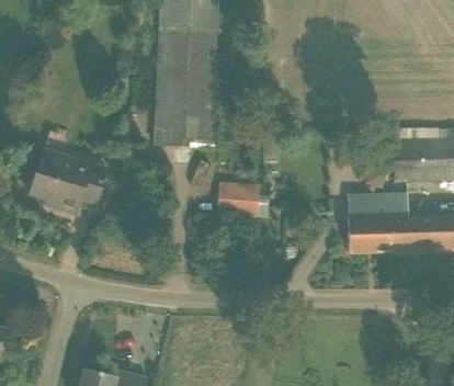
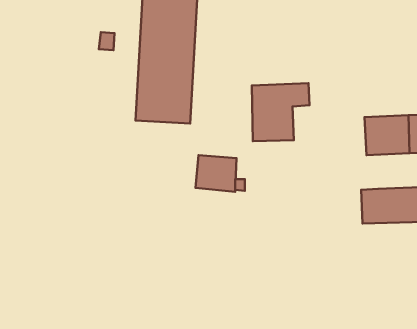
building: [30,149,105,213] -> none
building: [347,192,407,252] -> [252,83,309,141]

